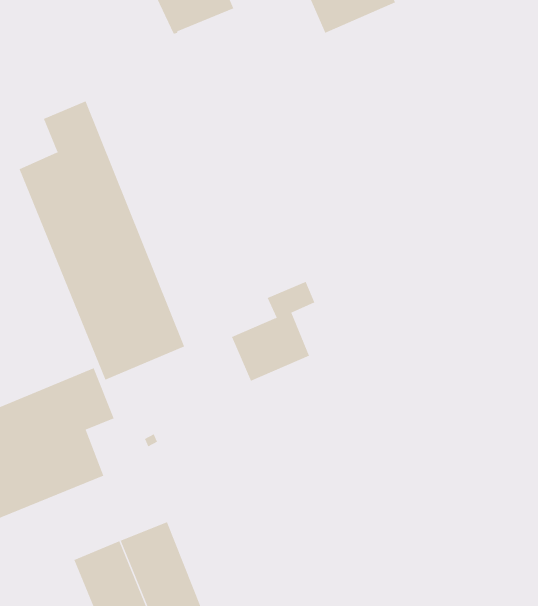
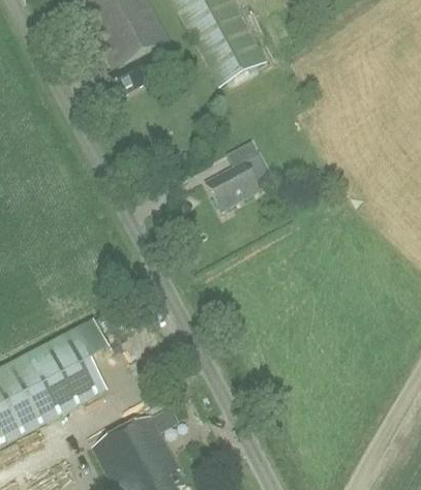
building: [19,101,185,380] -> none
building: [231,281,315,381] -> [207,139,260,208]

